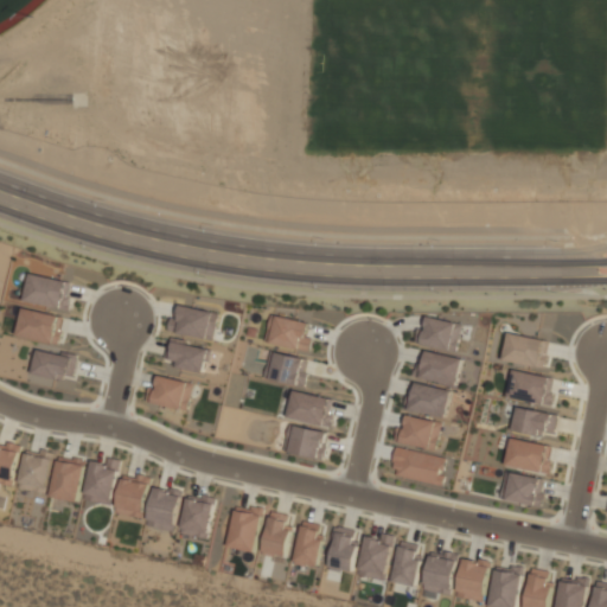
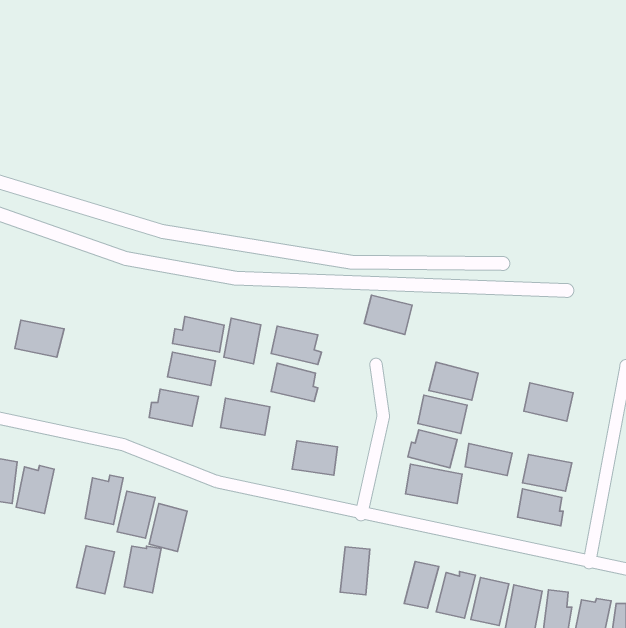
building: [21,274,70,313] -> none
building: none -> [224,318,261,364]
building: [414,315,460,353] -> [364,295,412,335]
building: [500,333,547,370] -> none
building: [28,349,75,381] -> none
building: [285,391,332,427] -> [221,398,270,435]
building: [510,407,555,437] -> [465,443,512,475]
building: [47,456,84,503] -> [76,546,115,594]
building: [178,496,213,541] -> [124,546,161,593]
building: [225,506,262,554] -> none
building: [261,512,289,558] -> none
building: [290,522,322,569] -> none
building: [354,533,394,582] -> none

